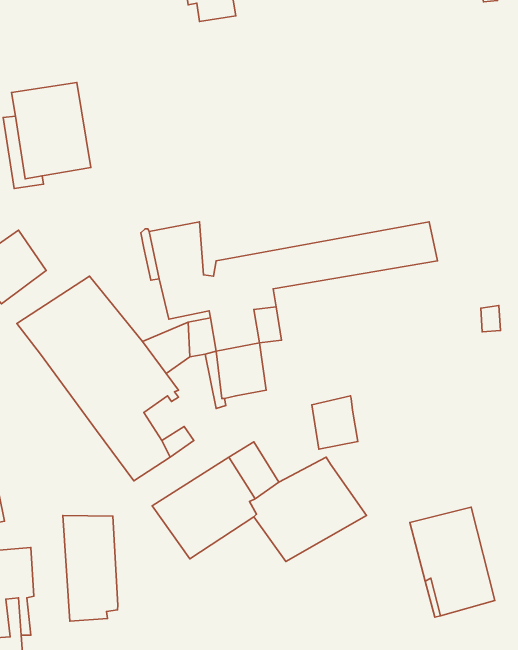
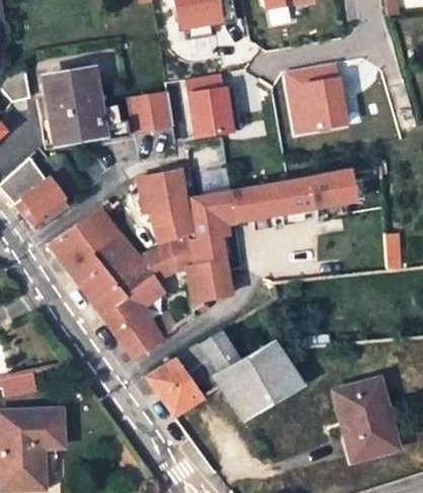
building: none -> [285,64,349,135]
building: none -> [187,76,235,139]
building: none -> [130,93,173,131]
building: [312,396,358,449] -> none
building: [63,516,118,621] -> none

